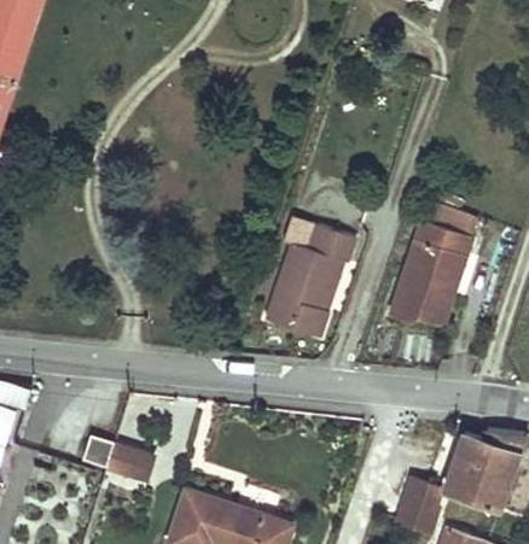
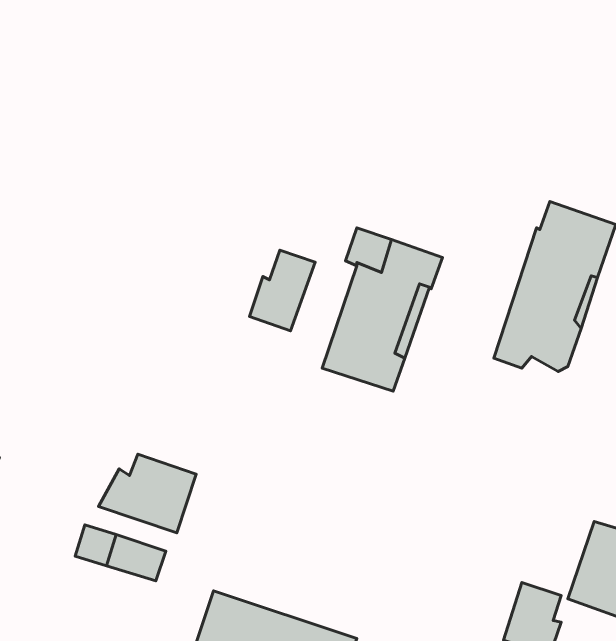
building: none -> [250,250,315,331]
building: none -> [98,454,196,533]

